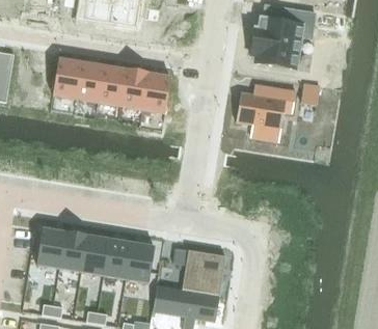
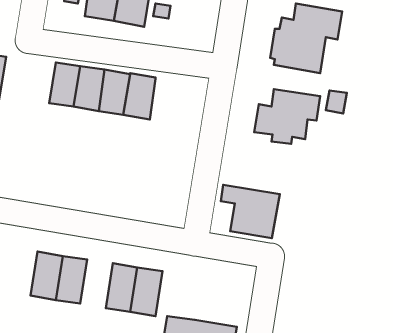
building: [142,73,170,112] -> none
building: [80,235,109,278] -> none
building: [174,247,227,295] -> [221,185,280,238]

